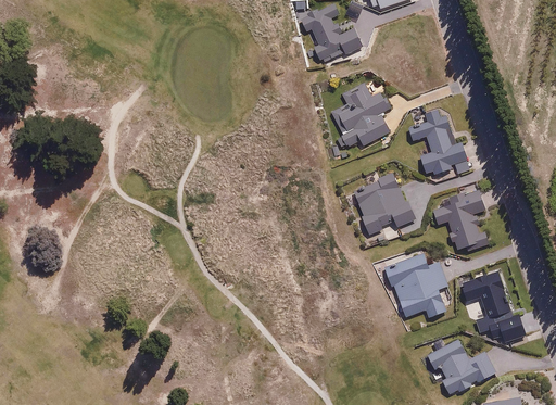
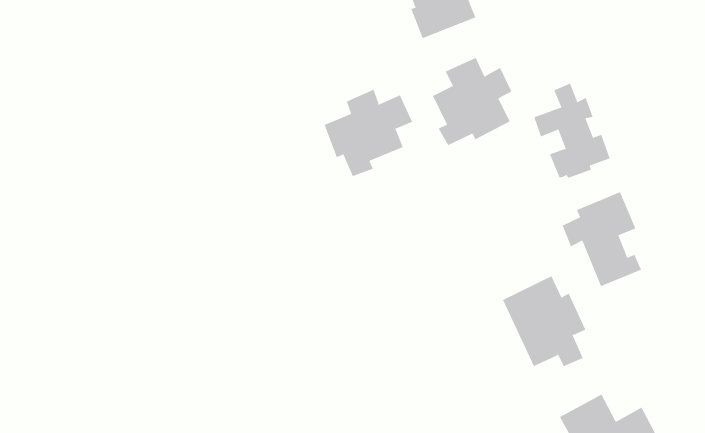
building: none -> [324,89,413,177]
building: [351,169,416,240] -> none
building: [460,269,528,347] -> none

